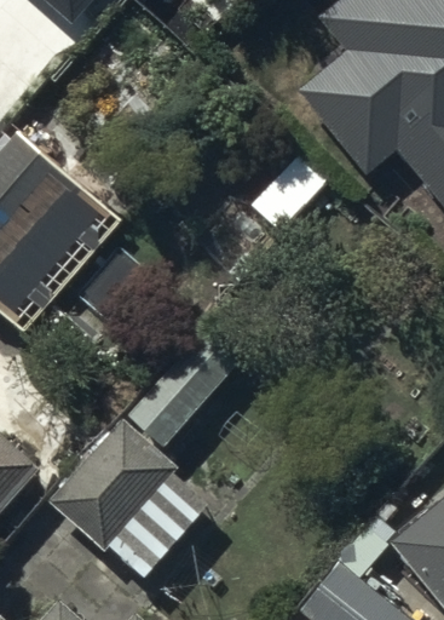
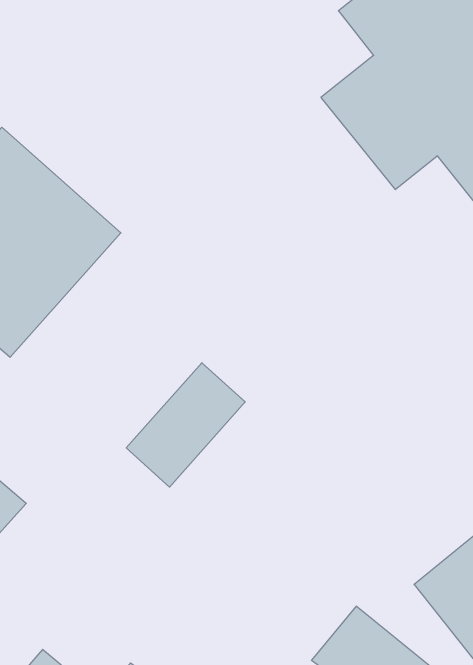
building: [45,415,211,578] -> none

